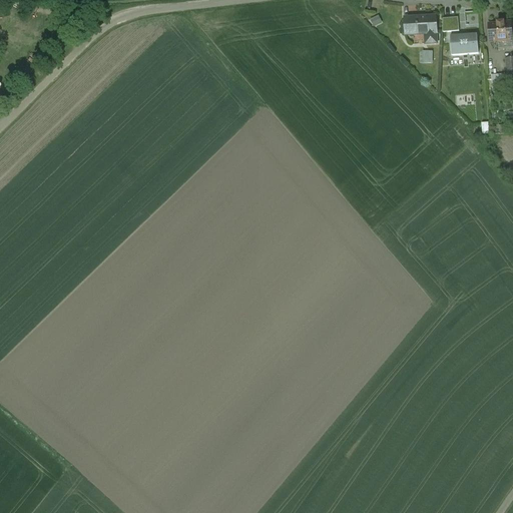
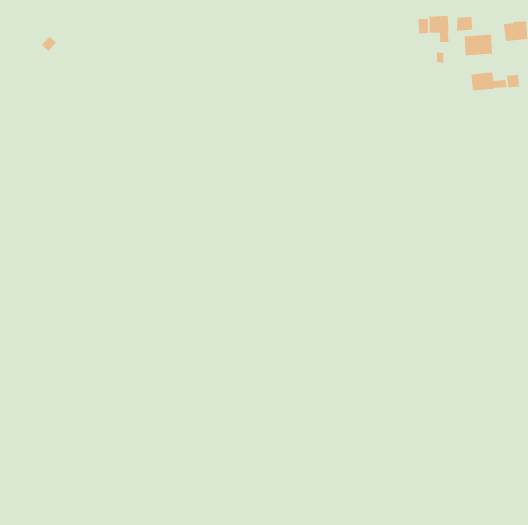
building: none -> [471,72,507,91]

